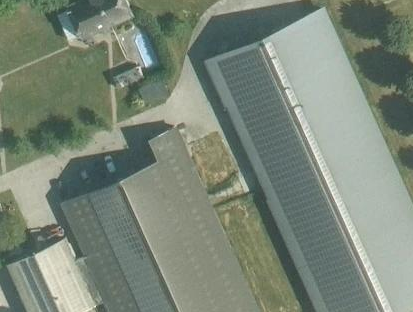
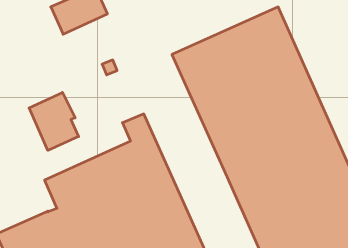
building: none -> [29,92,79,150]

